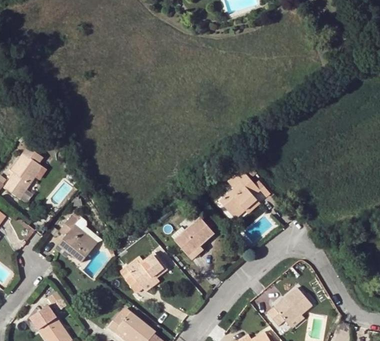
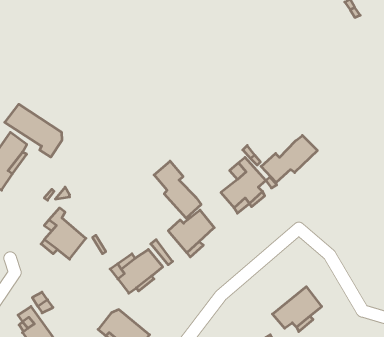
building: none -> [5,104,62,157]
building: none -> [261,135,317,183]
building: none -> [154,161,201,218]

